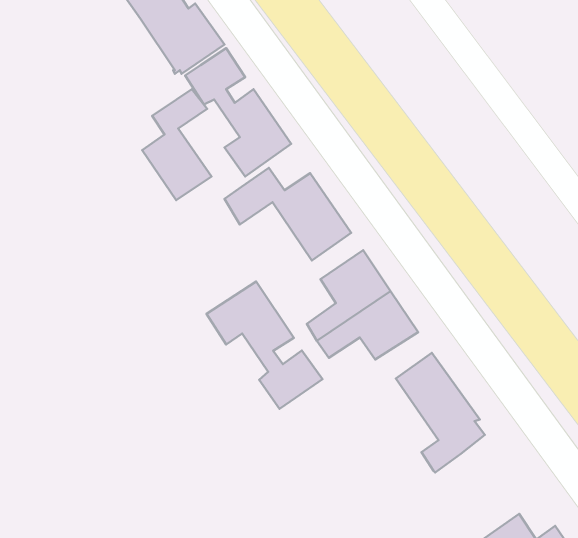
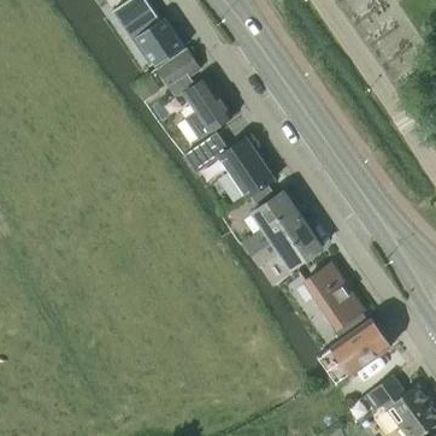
building: [142,89,212,200] -> none
building: [206,281,322,409] -> none
building: none -> [317,319,389,384]

